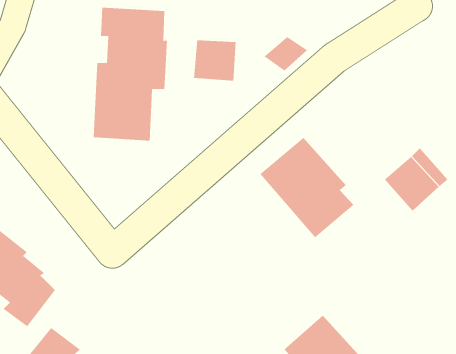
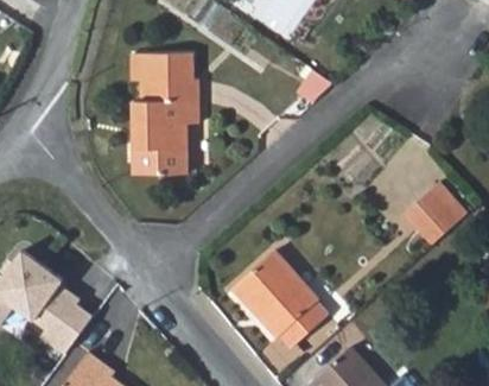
building: [194,40,236,81] -> none
building: [259,137,354,238] -> [234,252,325,349]

